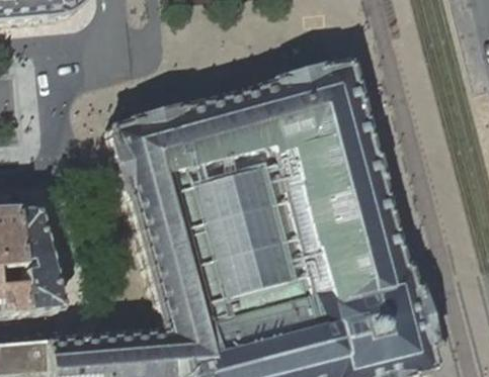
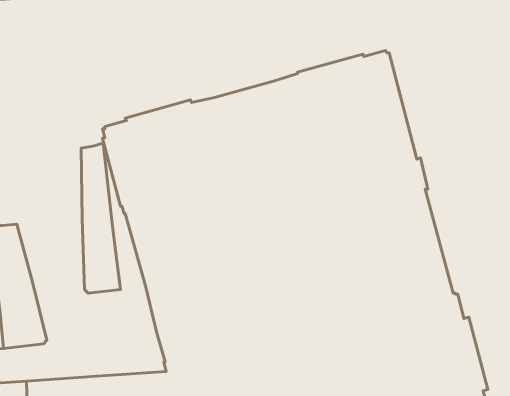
building: none -> [81,143,120,293]

